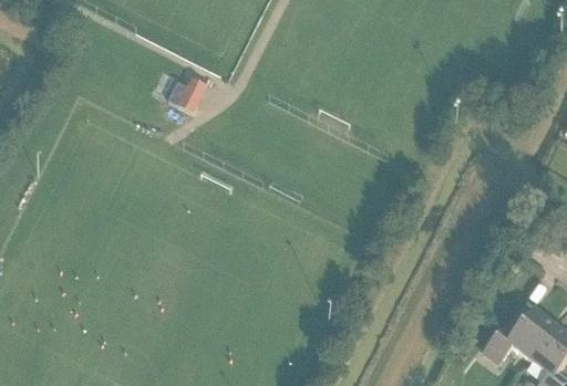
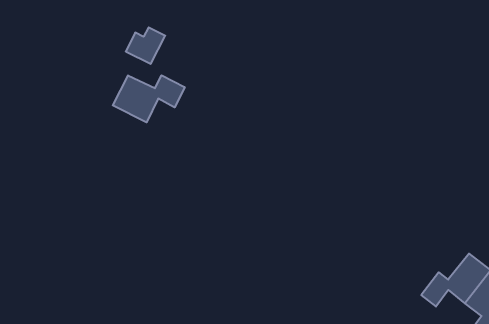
building: none -> [113,75,185,122]

